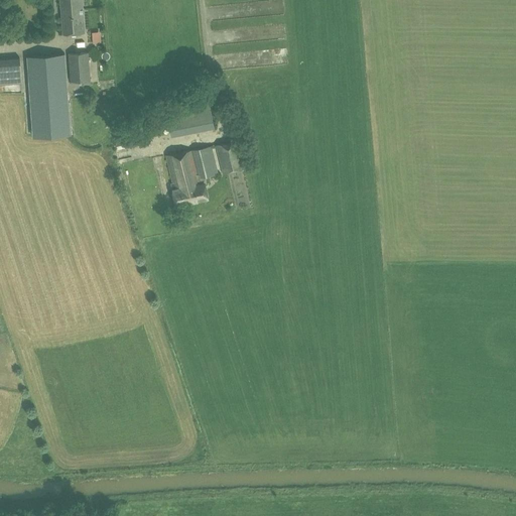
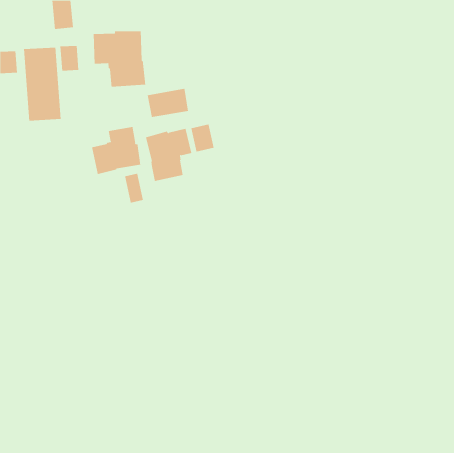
building: none -> [93,30,146,88]
building: none -> [92,126,141,175]
building: none -> [125,173,143,204]

